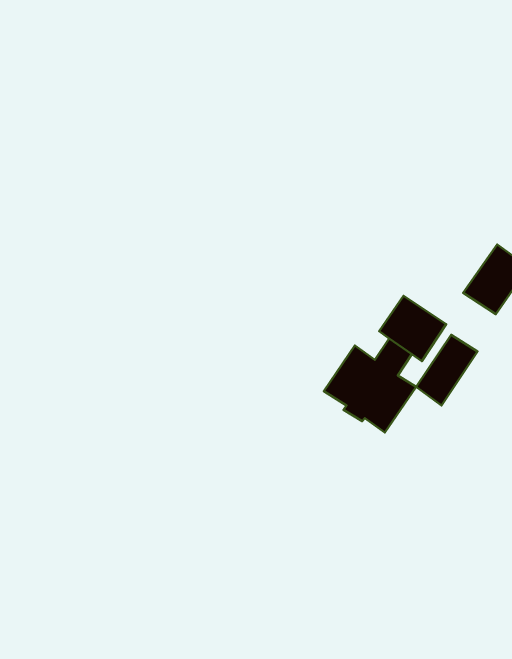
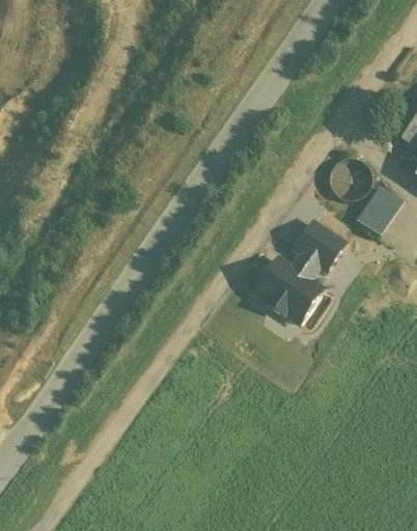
building: none -> [330,158,372,199]
building: [416,335,477,406] -> none

